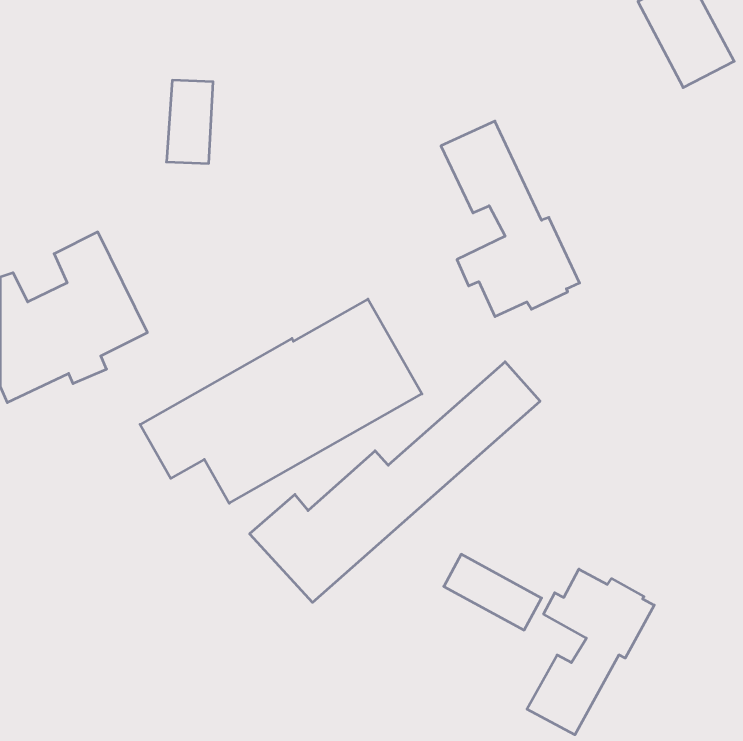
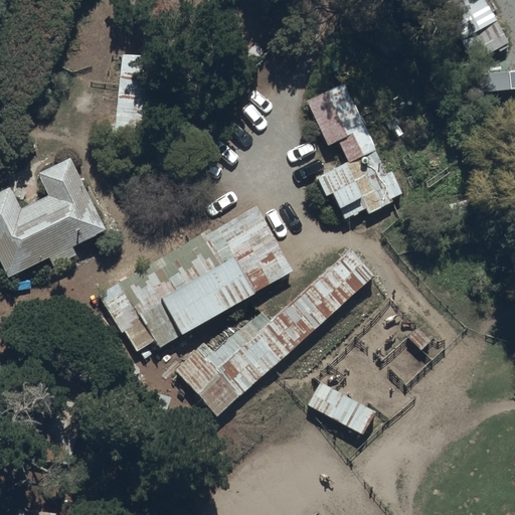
building: [527,569,654,735] -> none

